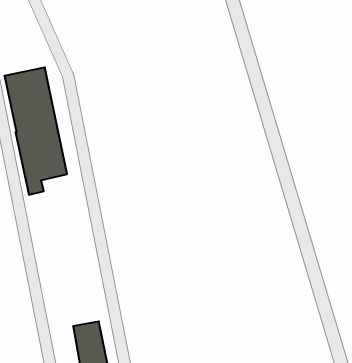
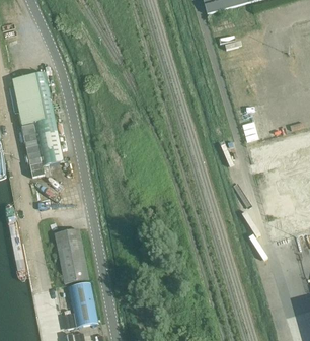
building: none -> [50,227,88,282]

